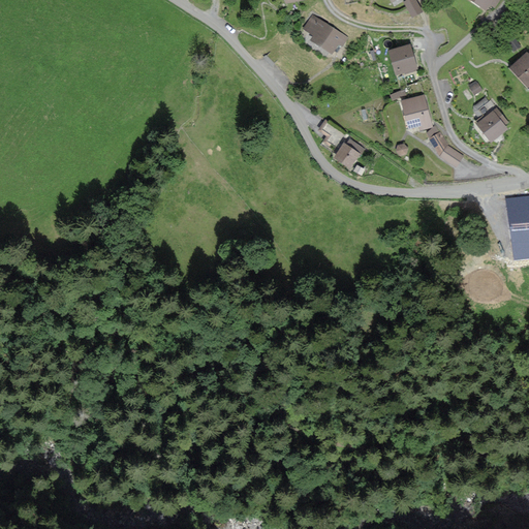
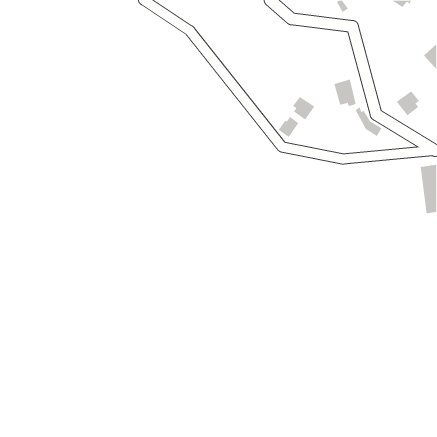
building: [305,15,346,52] -> none
building: [391,45,416,73] -> none
building: none -> [292,96,315,120]

